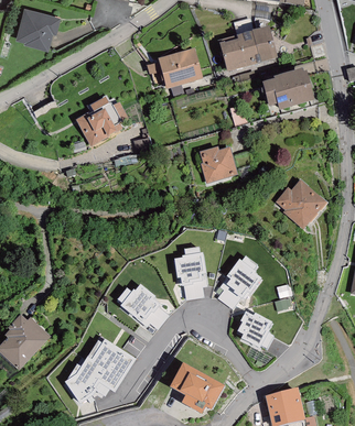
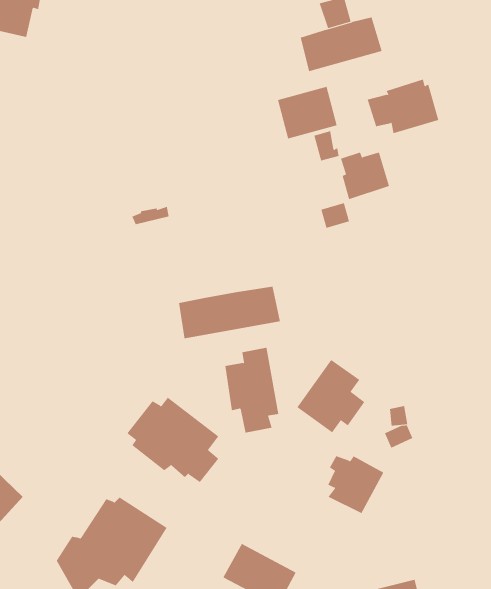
building: [160,53,198,87] -> [277,86,337,139]
building: [78,98,127,143] -> none
building: [202,151,234,182] -> [340,152,390,200]
building: [278,184,322,227] -> none
building: none -> [178,286,280,339]

